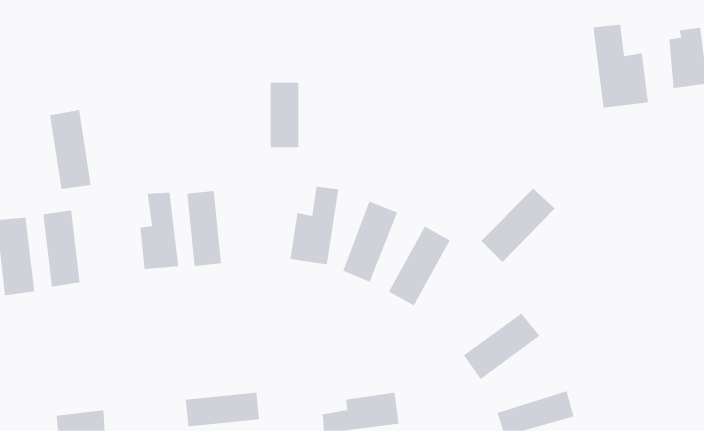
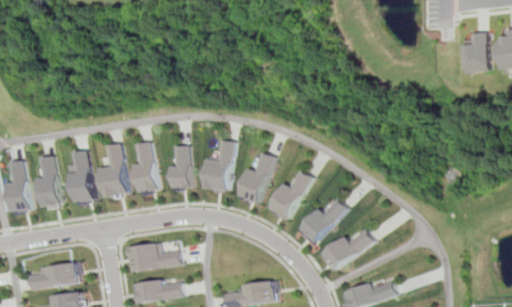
building: [592,24,649,109] -> none
building: [270,82,299,148] -> [171,144,191,189]
building: [49,109,92,190] -> [67,149,96,204]
building: [480,188,555,263] -> [297,195,348,246]
building: none -> [125,242,180,273]
building: none -> [23,261,77,290]

